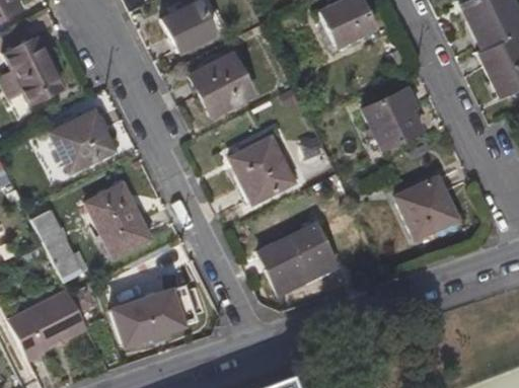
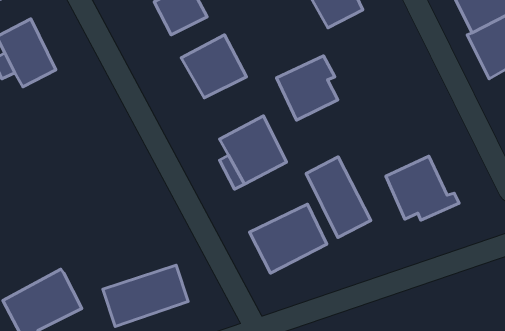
building: [361,85,423,150] -> [276,56,338,120]
building: [48,109,114,172] -> none
building: none -> [306,157,371,238]
building: [83,182,151,258] -> none
building: [30,210,82,281] -> none

